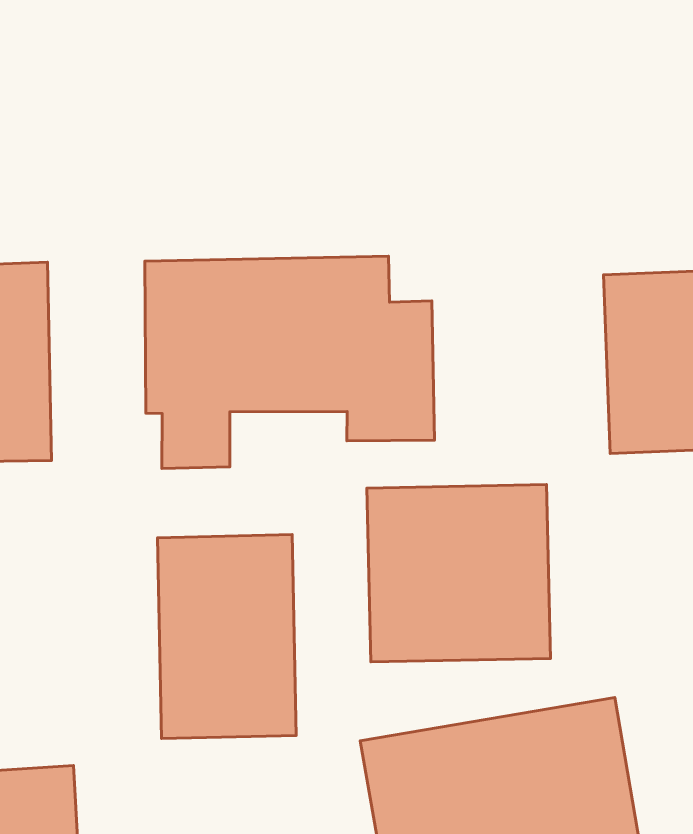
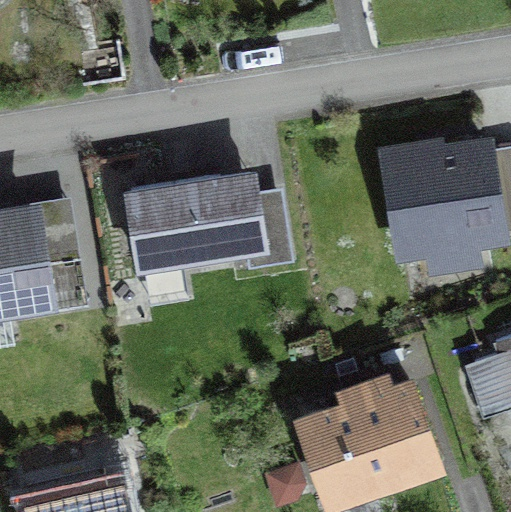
building: [367,485,551,662] -> none
building: [157,534,296,739] -> none

